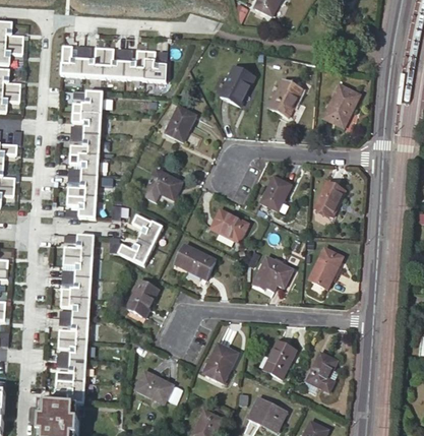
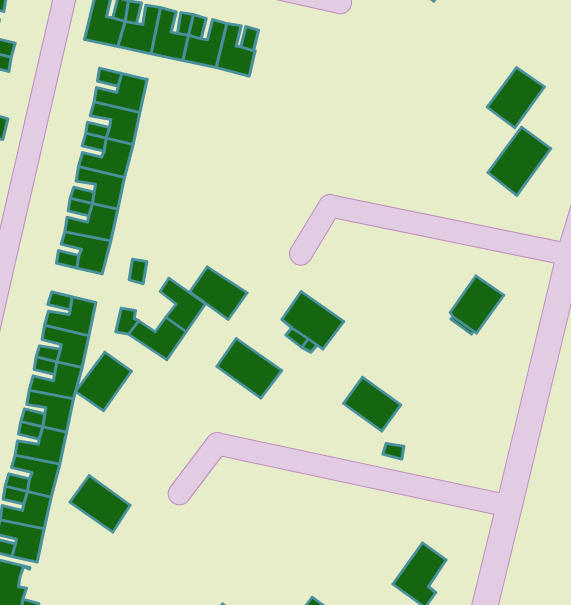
building: [220,65,255,106] -> none
building: [268,79,302,117] -> [487,68,545,128]
building: [165,106,196,141] -> none
building: [147,169,183,199] -> [190,267,247,319]
building: [260,175,292,210] -> none
building: [310,247,343,286] -> none
building: [126,279,159,316] -> [76,352,131,411]
building: [263,340,296,378] -> none
building: [203,342,238,382] -> none
building: [135,370,173,402] -> [70,476,130,532]

